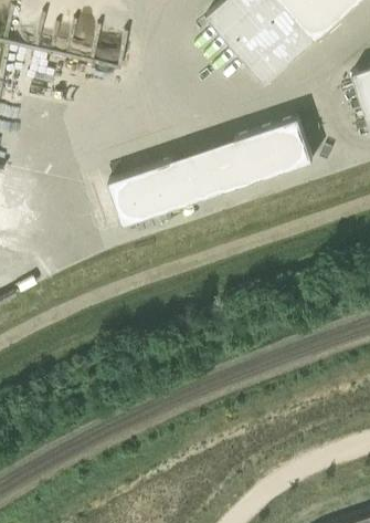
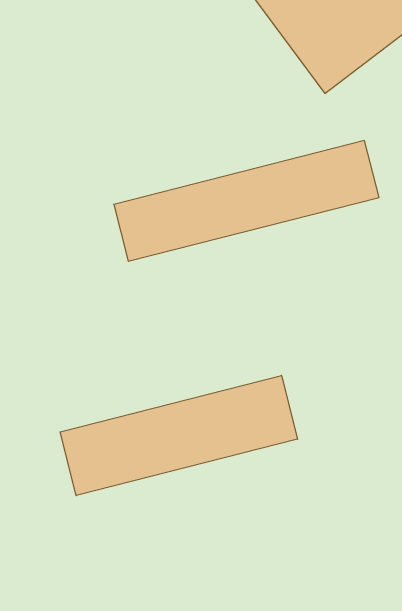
building: none -> [60,375,298,496]

